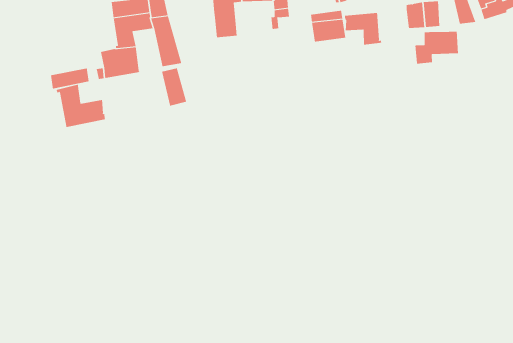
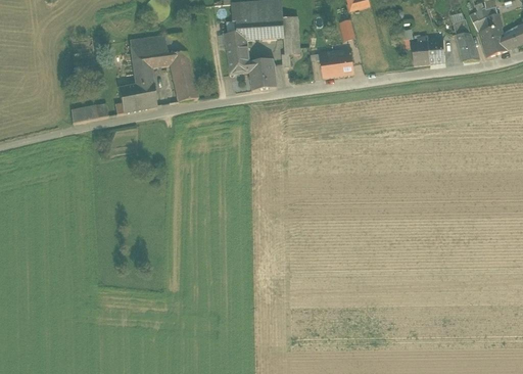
building: [345,12,382,45] -> none
building: none -> [248,58,276,90]
building: [415,31,458,64] -> none
building: [161,67,187,106] -> none
building: [56,84,106,128] -> none

